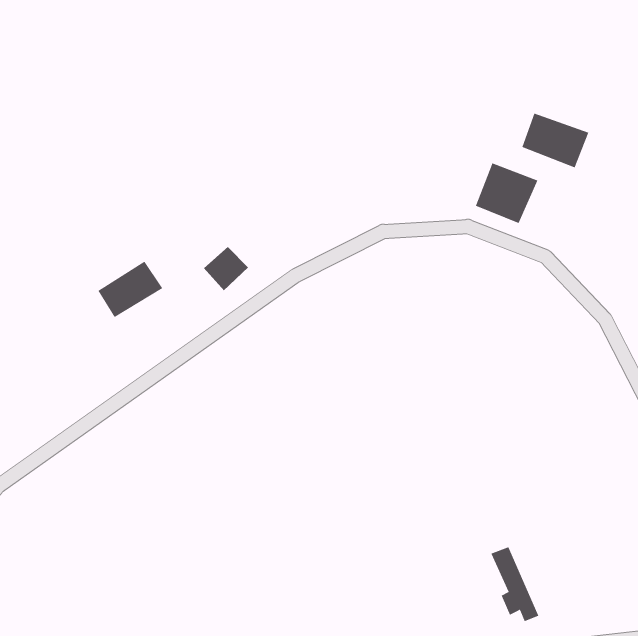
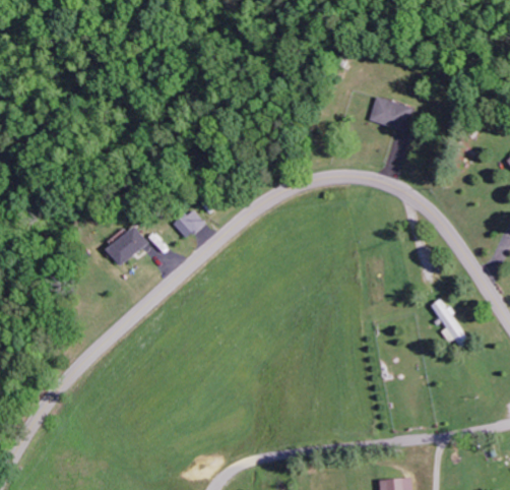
building: [475,162,538,224] -> none
building: [491,546,539,622] -> [432,298,468,346]

